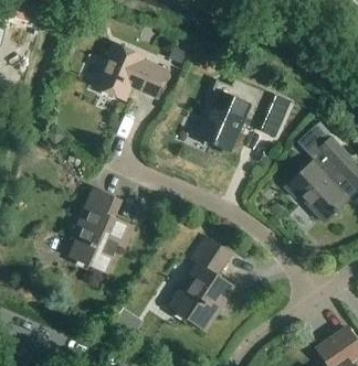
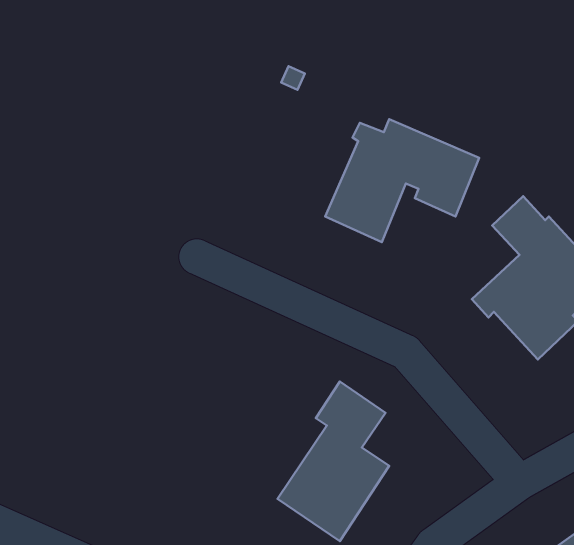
building: [94,43,170,100] -> none
building: [69,187,135,273] -> none

